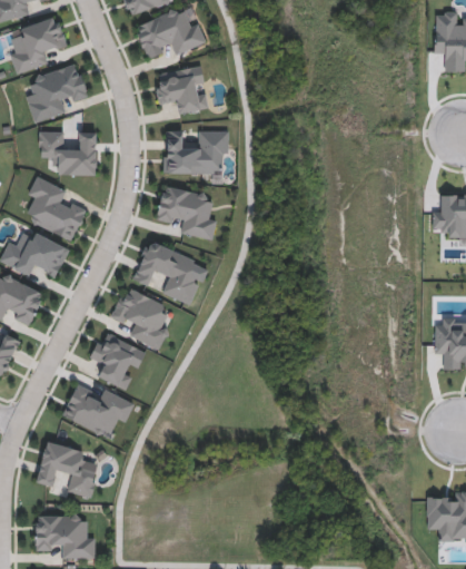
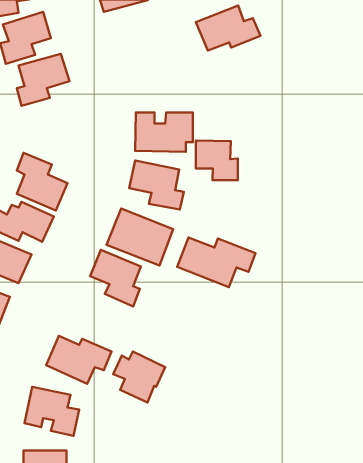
building: [133,8,207,59] -> [196,5,261,50]
building: [155,66,209,114] -> none
building: [39,130,97,176] -> none
building: none -> [196,141,238,180]
building: none -> [177,237,256,287]
building: [89,334,148,392] -> [113,352,165,402]

